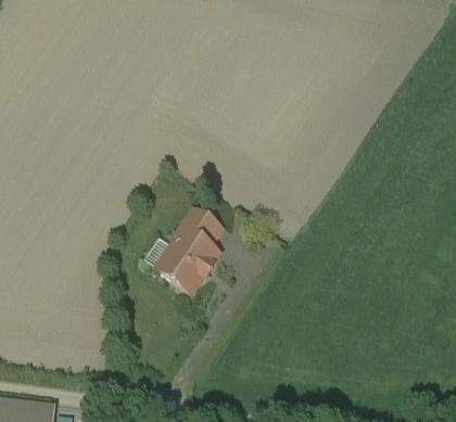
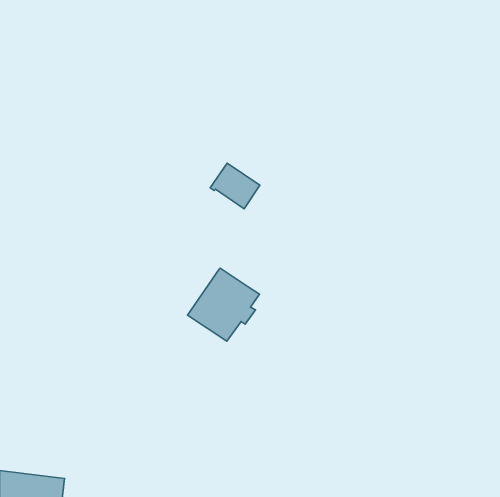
building: [180,206,221,244] -> [210,163,260,209]

